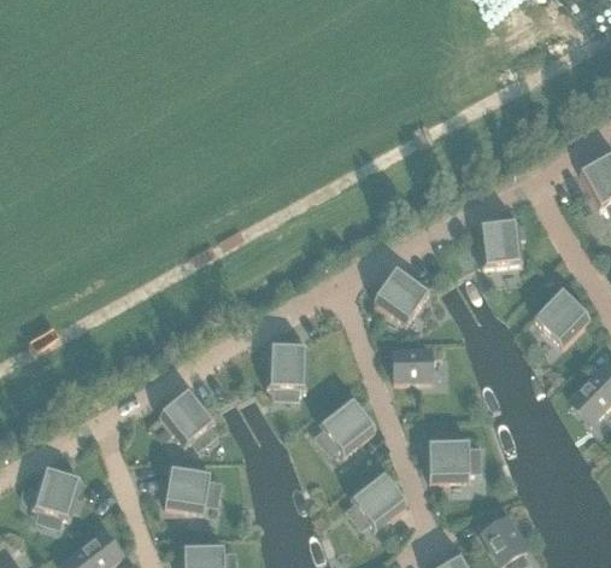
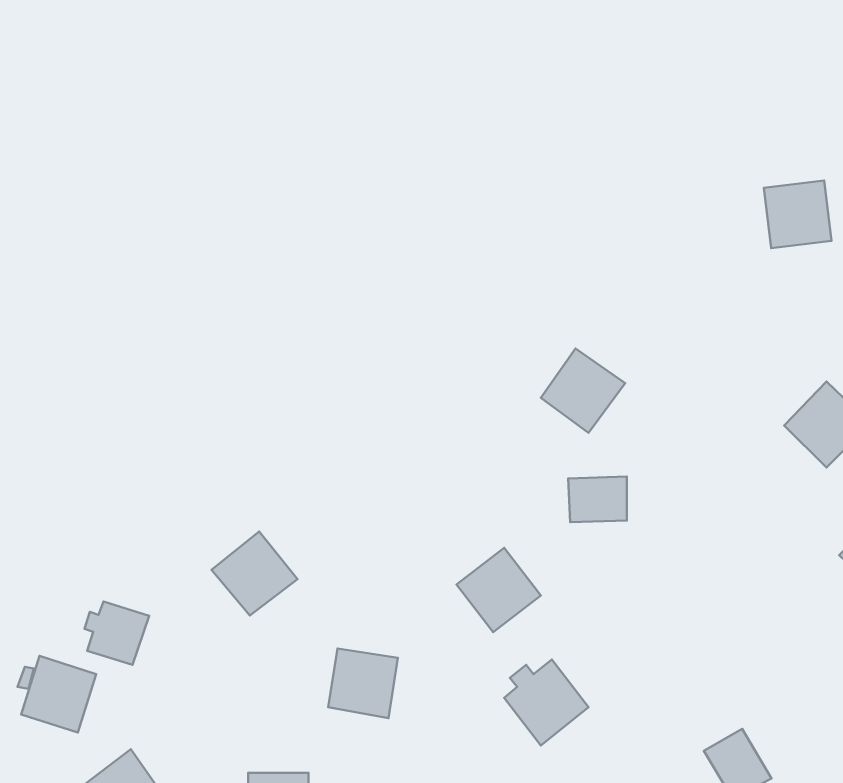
building: [477,221,522,265] -> [764,180,832,248]
building: [266,346,307,387] -> none
building: none -> [84,602,149,665]
building: [429,439,469,480] -> none
building: [165,465,211,511] -> [328,649,398,718]

